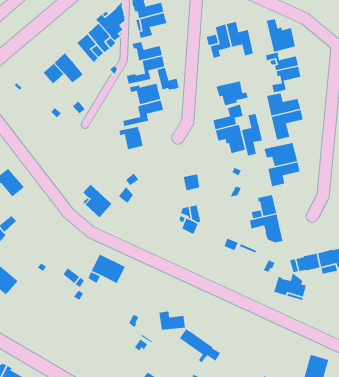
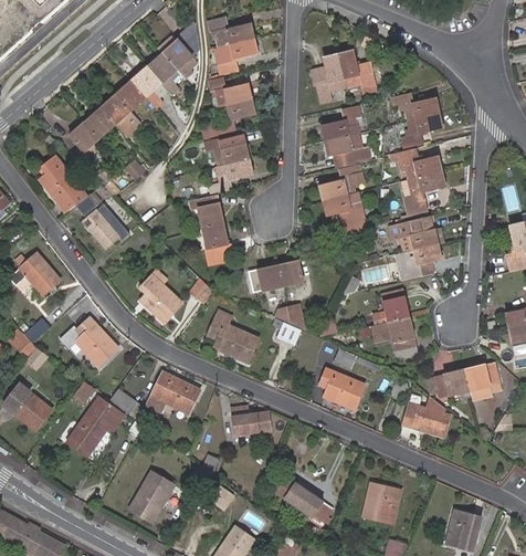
building: [266,18,296,53] -> none
building: none -> [116,81,146,111]
building: none -> [322,107,360,140]
building: [157,67,180,91] -> none
building: none -> [70,122,99,151]
building: none -> [40,156,87,212]
building: [241,113,263,156] -> none
building: none -> [83,199,119,248]
building: none -> [202,223,229,249]
building: none -> [242,265,283,294]
building: none -> [208,311,259,363]
building: none -> [60,318,118,366]
building: none -> [320,368,365,409]
building: none -> [67,398,123,455]
building: [159,310,186,331] -> [232,406,270,433]
building: none -> [129,472,173,522]
building: none -> [362,484,400,523]

